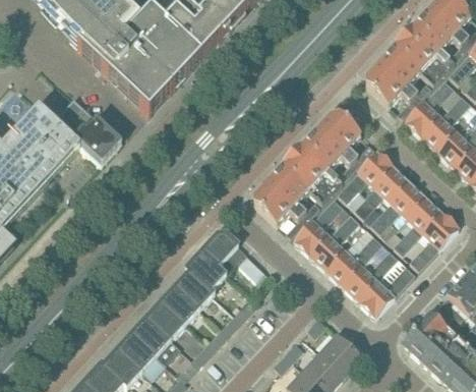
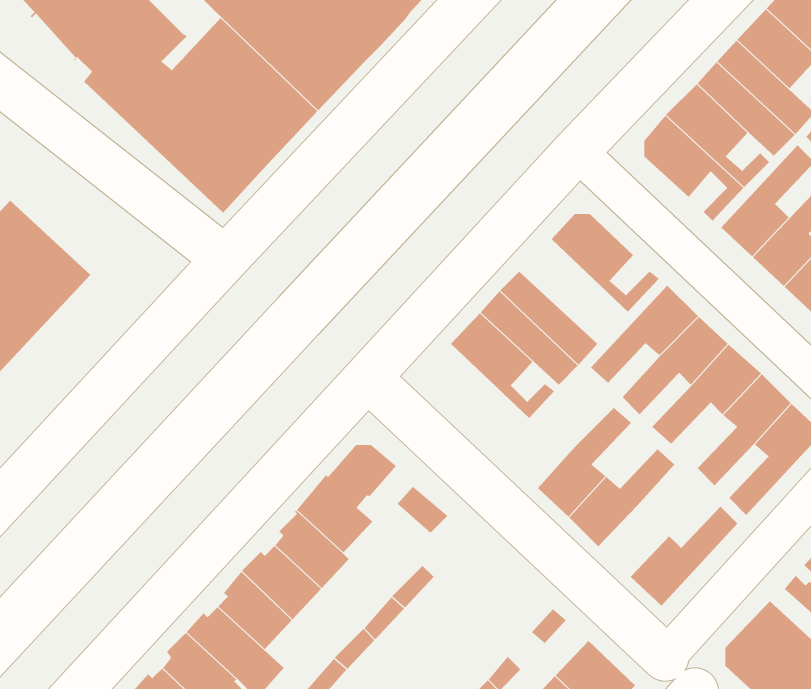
building: [53,98,117,164] -> none
building: [301,126,357,177] -> none
building: [253,180,306,235] -> none
building: [293,197,343,255] -> none
building: [342,248,398,300] -> none

